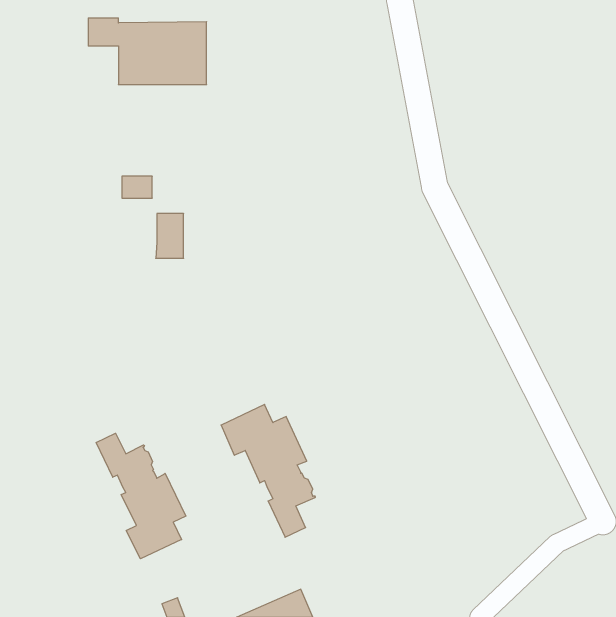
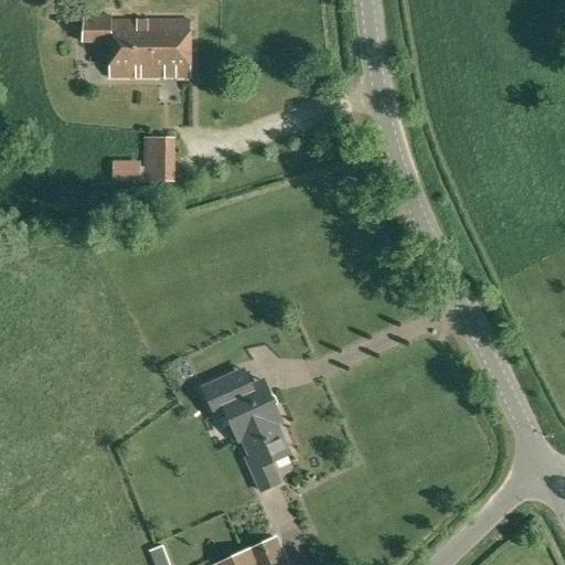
building: [156,214,184,258] -> [147,139,172,180]
building: [96,433,186,559] -> none

